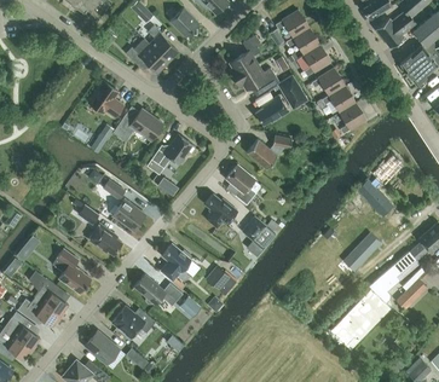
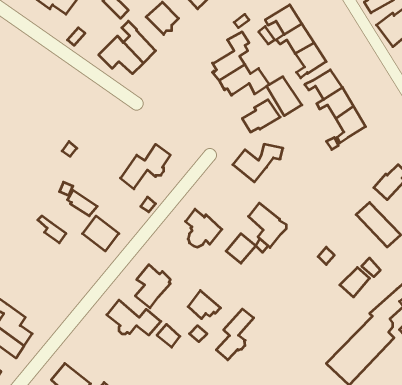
building: [88,81,123,116] -> none
building: [112,108,163,140] -> none
building: [226,164,260,204] -> [248,203,286,248]
building: [88,222,122,254] -> none
building: [52,248,91,293] -> none
building: none -> [216,309,254,360]
building: [112,306,155,336] -> none

